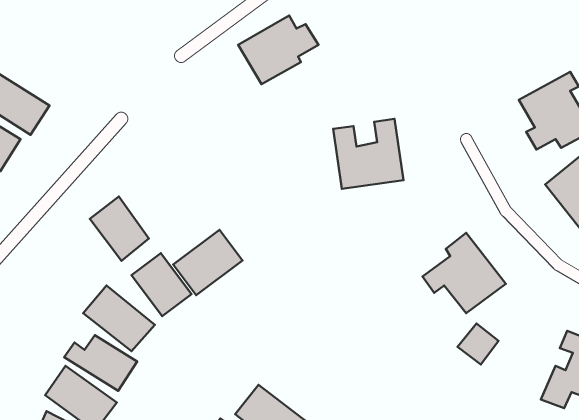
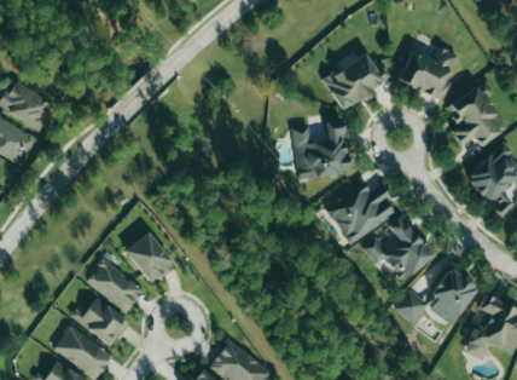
building: [238,15,318,84] -> [323,53,389,110]
building: none -> [399,46,457,99]
building: none -> [326,182,396,243]
building: [90,196,149,261] -> none
building: [173,230,242,295] -> none
building: none -> [429,267,476,324]

